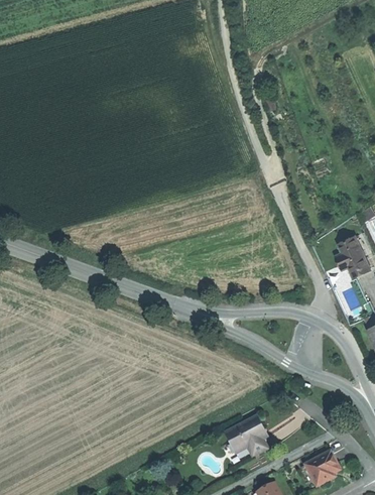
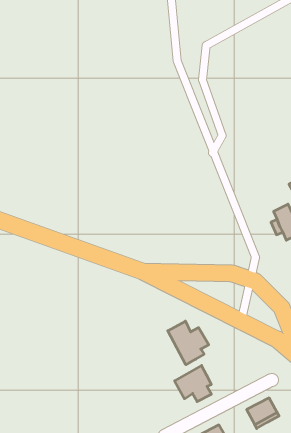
building: none -> [168,321,209,365]

